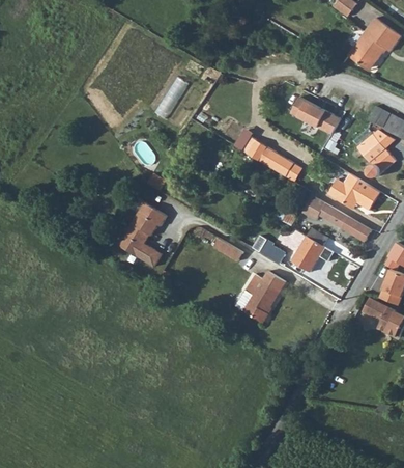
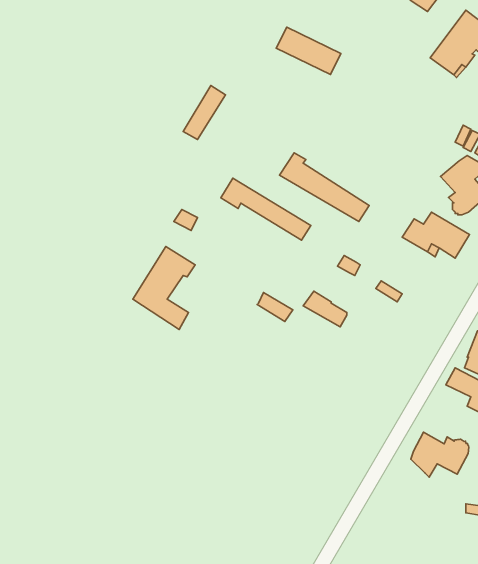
building: [289,97,340,134] -> [276,27,341,75]
building: [301,193,372,242] -> [221,178,311,240]
building: [292,237,335,273] -> none
building: [236,271,286,323] -> none
building: none -> [411,432,469,477]

